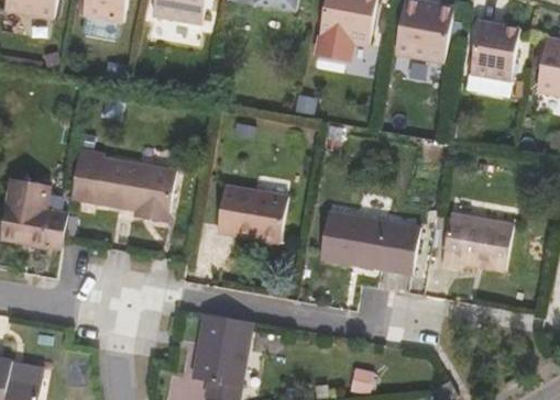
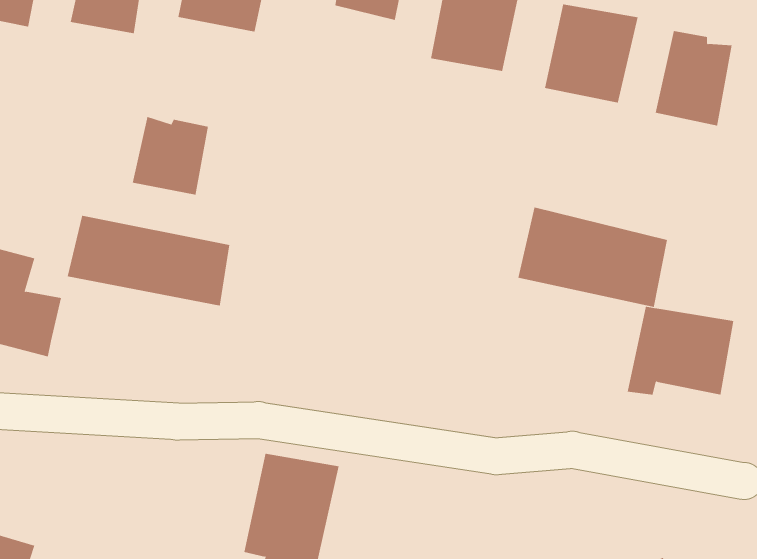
building: none -> [132,116,208,196]
building: [224,174,293,227] -> none
building: [326,207,426,274] -> [517,207,668,308]

